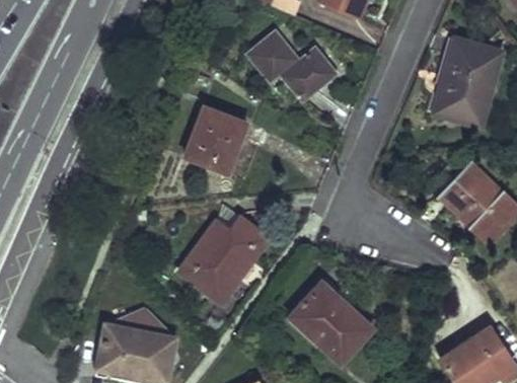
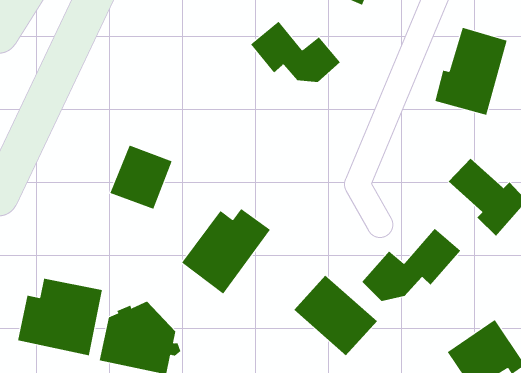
building: [184,108,246,172] -> [110,145,172,210]
building: none -> [361,228,461,302]
building: none -> [17,278,102,356]

